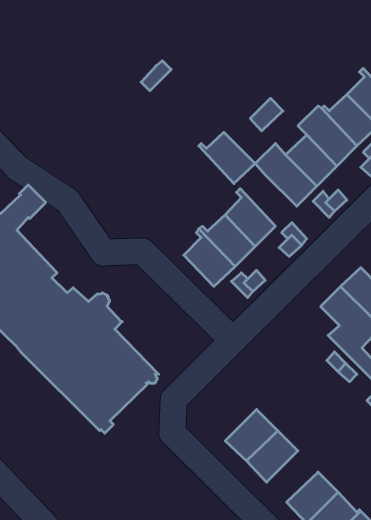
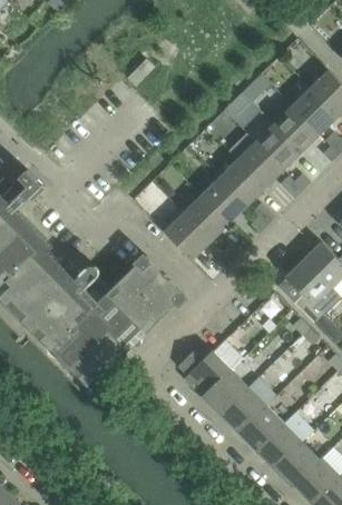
building: [199,132,255,184] -> [214,161,264,207]
building: none -> [102,255,186,338]
building: none -> [177,340,242,397]
building: none -> [237,406,283,452]

